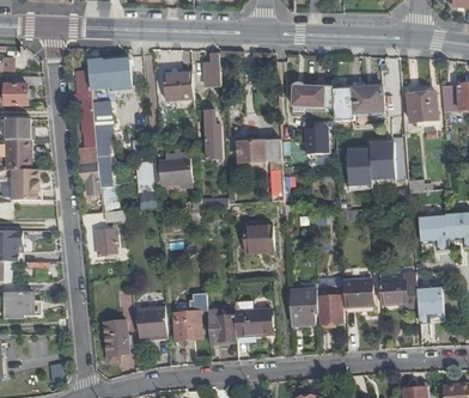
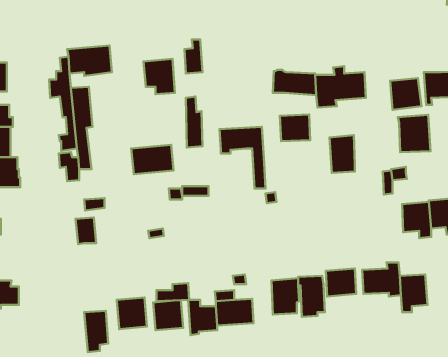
building: [370,140,402,177] -> [398,115,430,152]
building: [243,226,274,253] -> none

